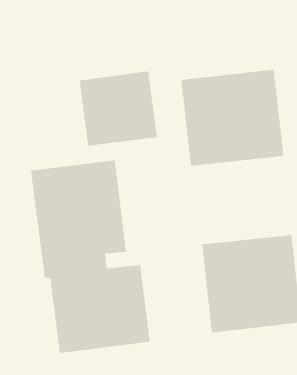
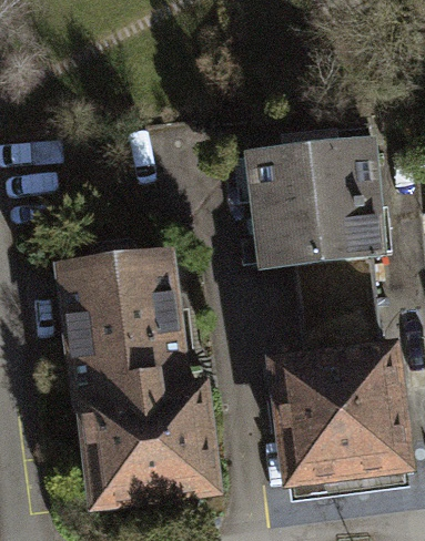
building: [79,71,157,147] -> none
building: none -> [295,252,382,358]

